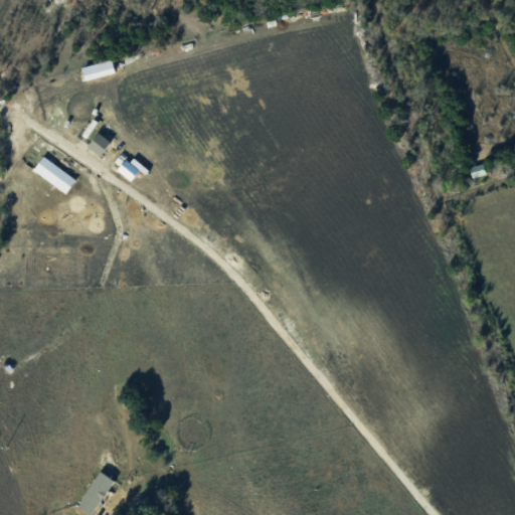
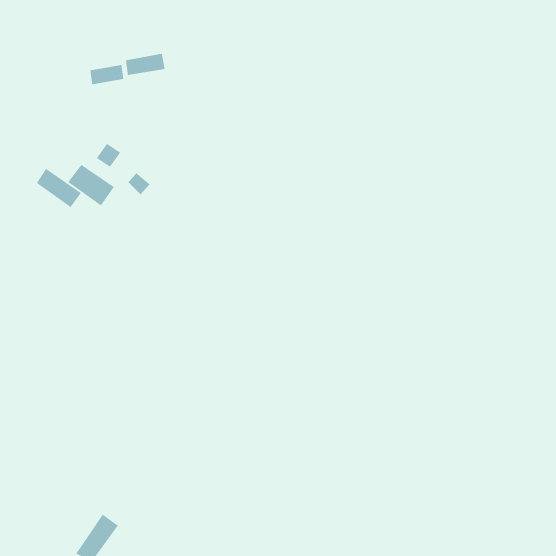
building: none -> [125,53,166,76]
building: none -> [67,164,115,206]

